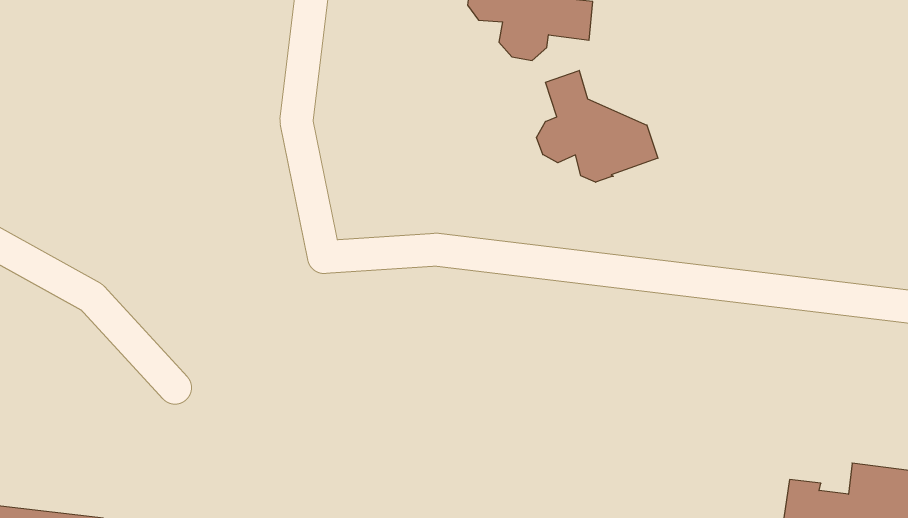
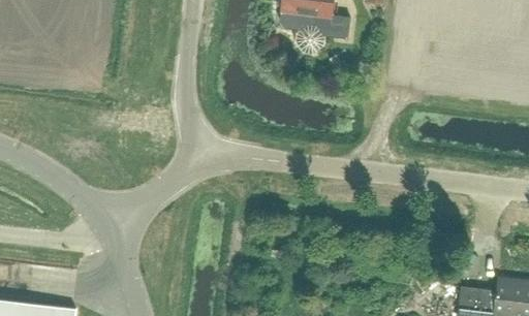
building: [536,70,658,182] -> none

